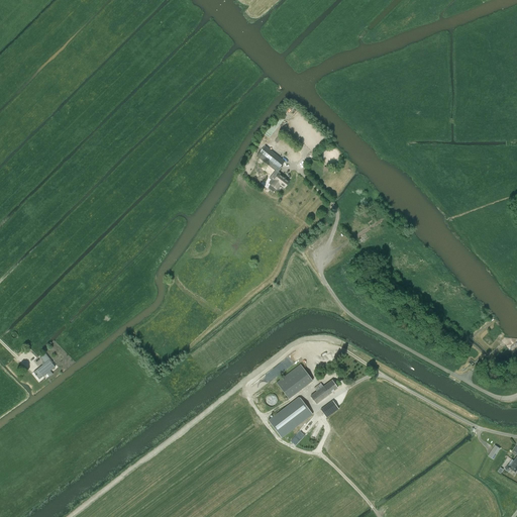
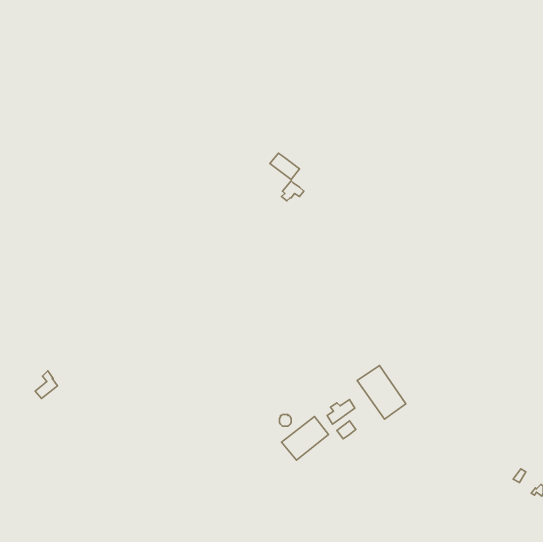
building: none -> [357,366,406,419]
building: [277,363,313,397] -> none

